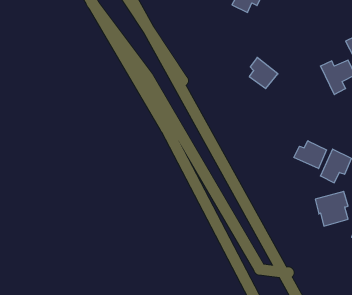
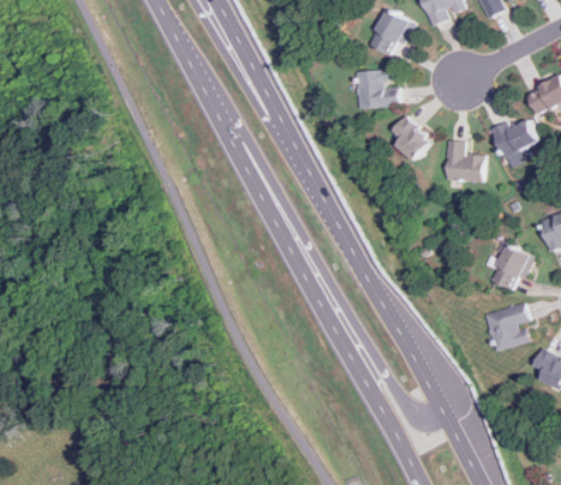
building: none -> [354,70,398,107]
building: none -> [444,140,483,181]
building: [294,141,327,169] -> none

